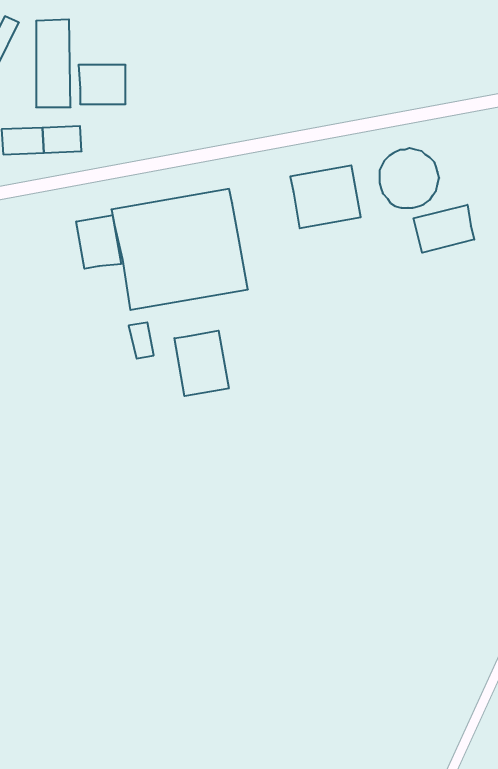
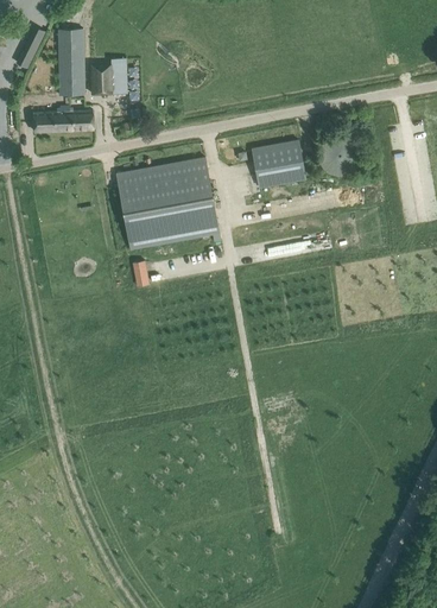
building: [413,205,474,253] -> none
building: [76,215,121,269] -> none
building: [174,331,229,396] -> none

